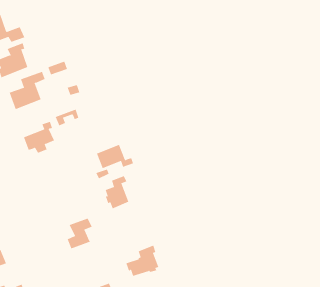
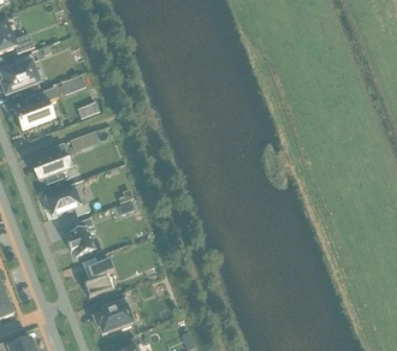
building: [96,144,134,169] -> [46,186,90,215]
building: [105,176,129,209] -> [67,216,96,256]
building: [126,245,159,276] -> [94,295,134,332]

